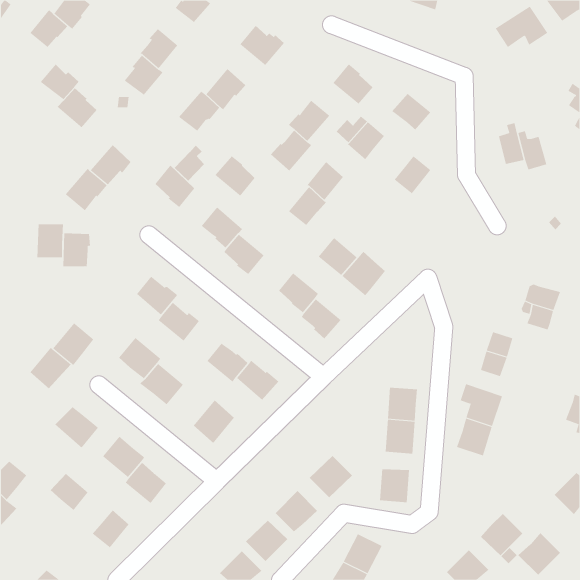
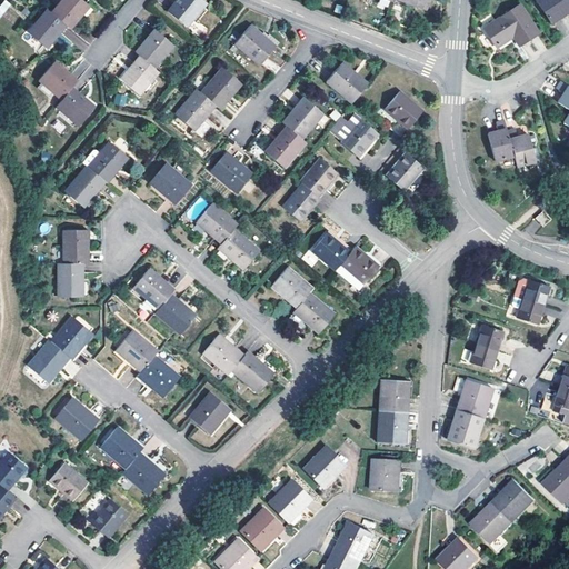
building: [174,145,205,182] -> none
building: [37,224,64,258] -> [57,261,83,295]
building: [518,532,561,575] -> [492,480,535,522]

